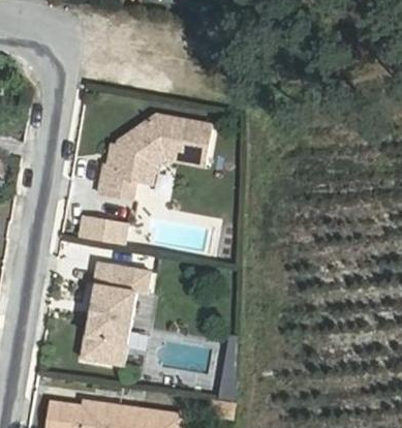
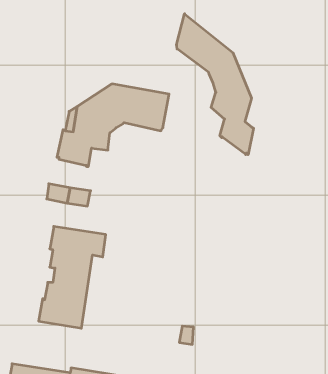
building: none -> [177,14,254,155]

